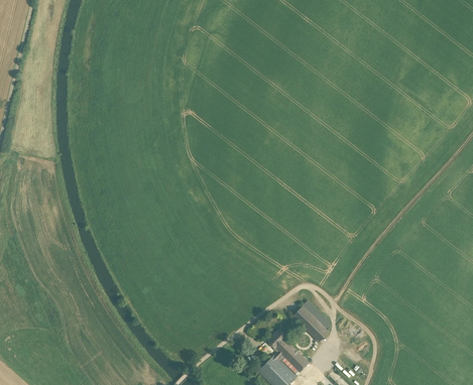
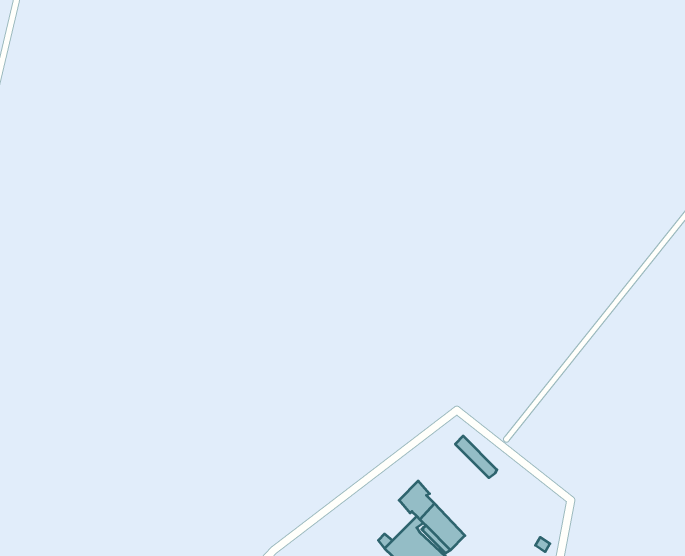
building: [292,305,329,342] -> none

